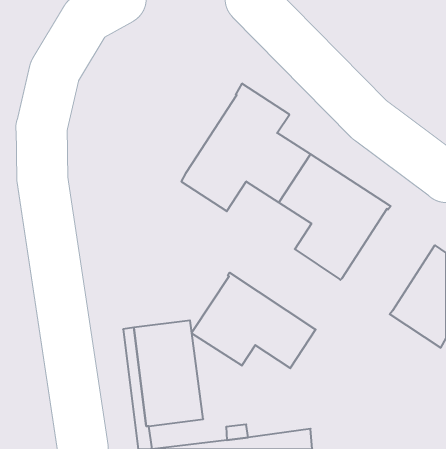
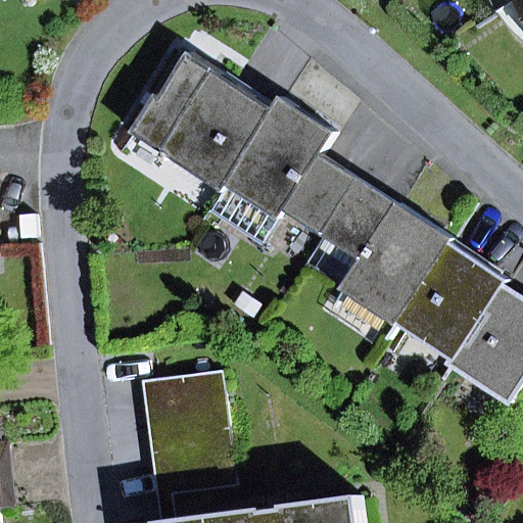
building: none -> [134,54,275,201]
building: none -> [397,242,509,365]
building: [192,273,316,368] -> none

